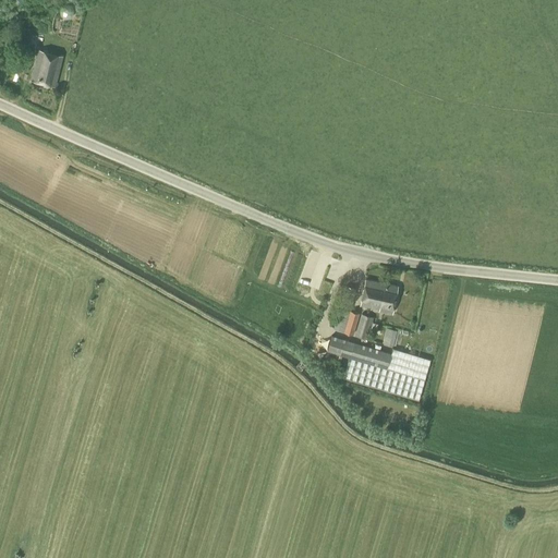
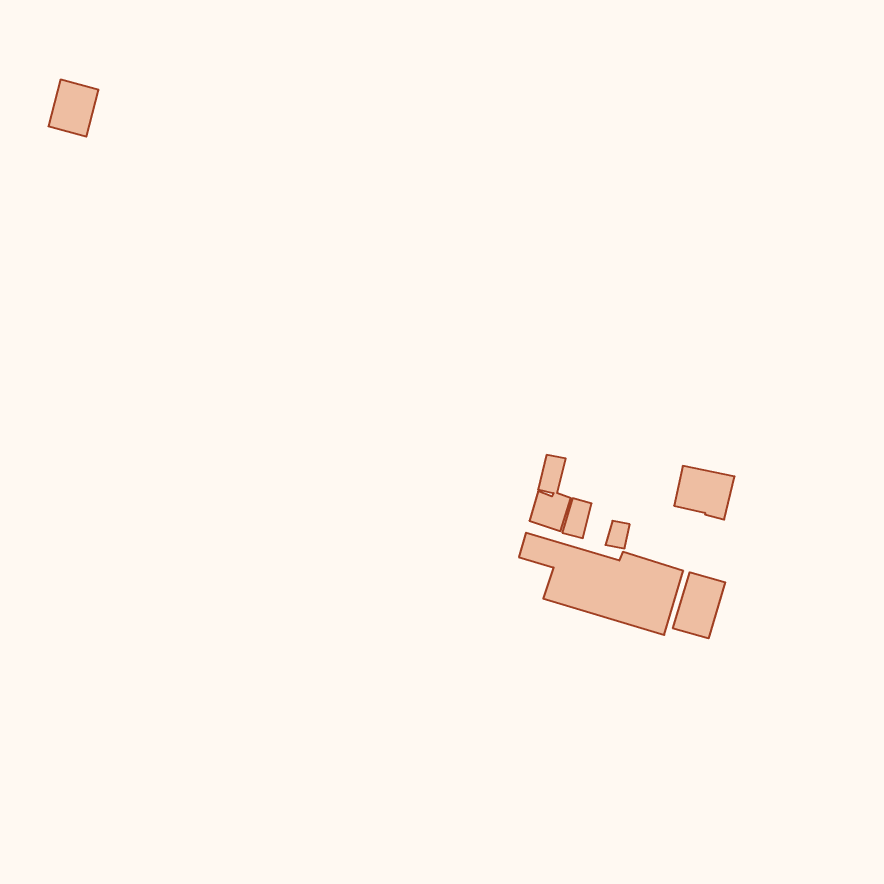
building: [360,280,398,314] -> [674,466,735,520]
building: none -> [673,572,725,638]

